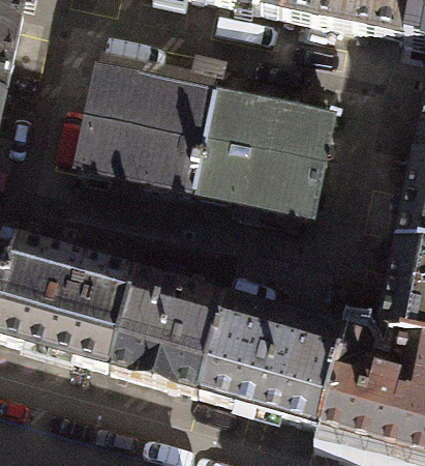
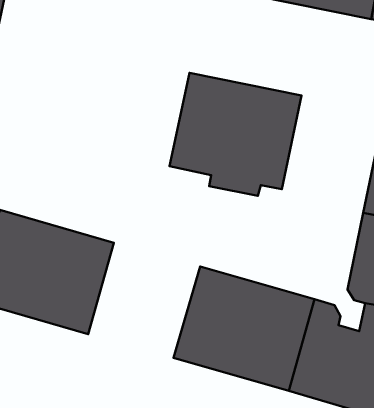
building: [79,67,216,190] -> none
building: [110,269,227,391] -> none

